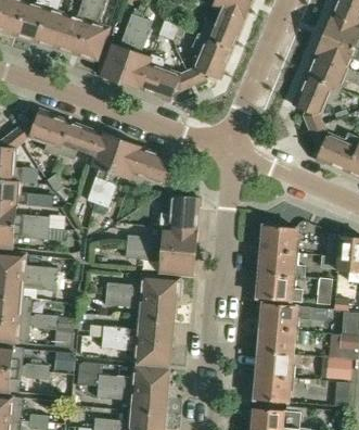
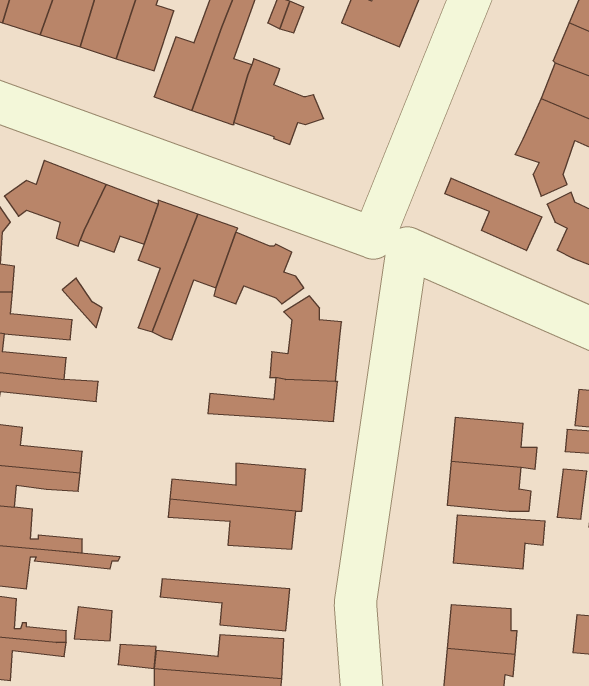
building: [189,34,231,85] -> none
building: none -> [445,178,542,251]
building: [261,223,299,253] -> none
building: [126,248,195,276] -> none
building: [102,319,172,343] -> none
building: [259,329,298,354] -> none

